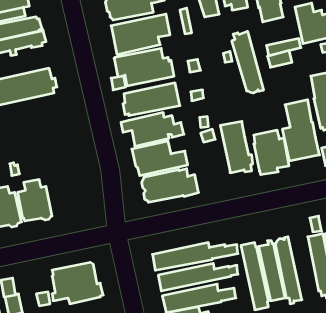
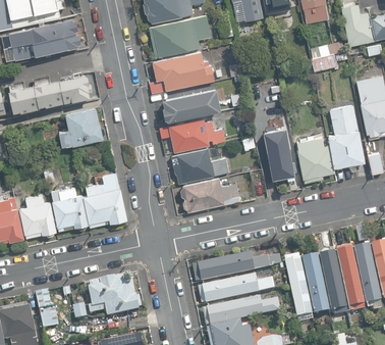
building: [232,31,263,93] -> none
building: none -> [60,108,106,147]
building: none -> [85,174,128,228]
building: none -> [337,245,365,311]

